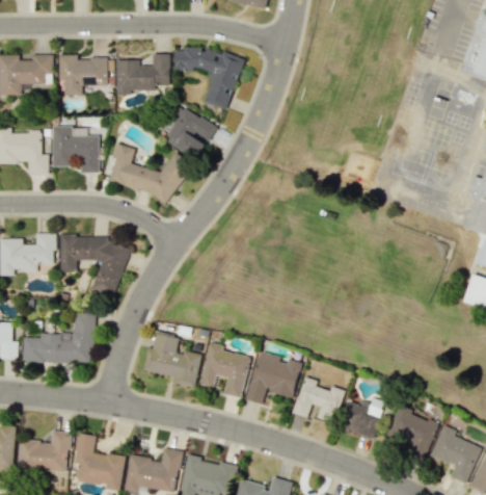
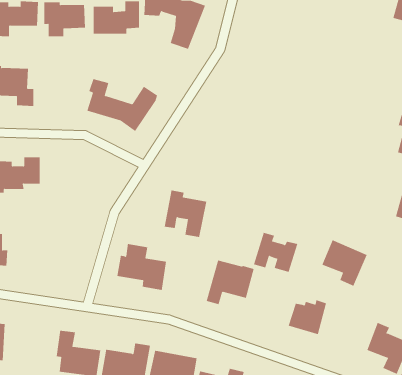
building: [160,105,216,158] -> none
building: [52,125,99,172] -> none
building: [59,233,130,296] -> none
building: [22,312,95,364] -> none
building: [199,342,249,397] -> [164,190,207,238]
building: [292,375,344,422] -> [253,232,298,273]
building: [386,405,439,459] -> [321,240,367,287]
building: [17,431,69,470] -> none

